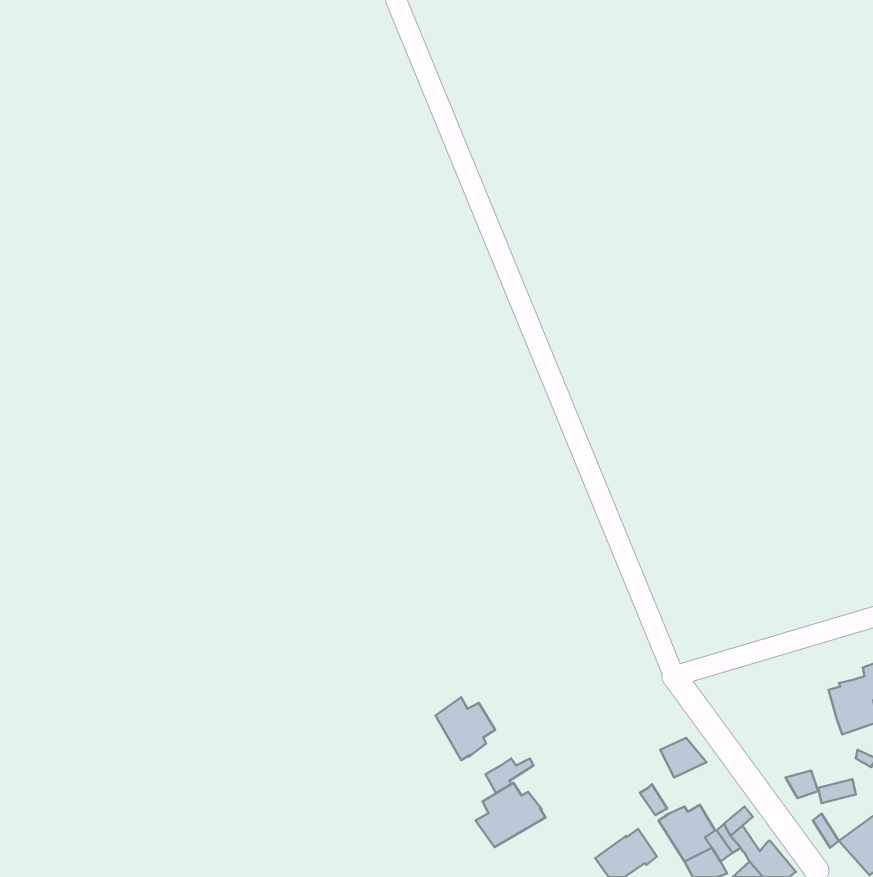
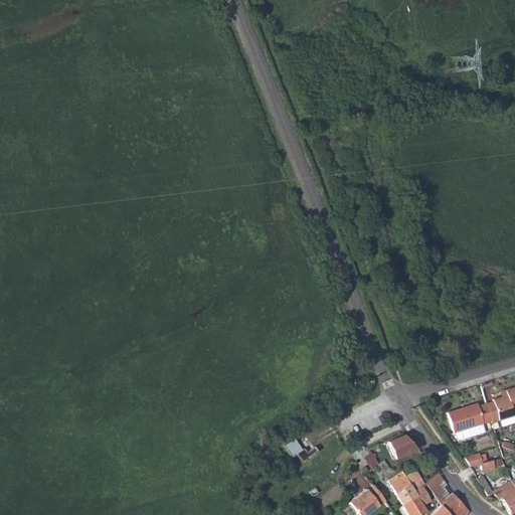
building: none -> [448,404,493,442]
building: [435,697,495,760] -> none
building: [475,783,546,847] -> none

